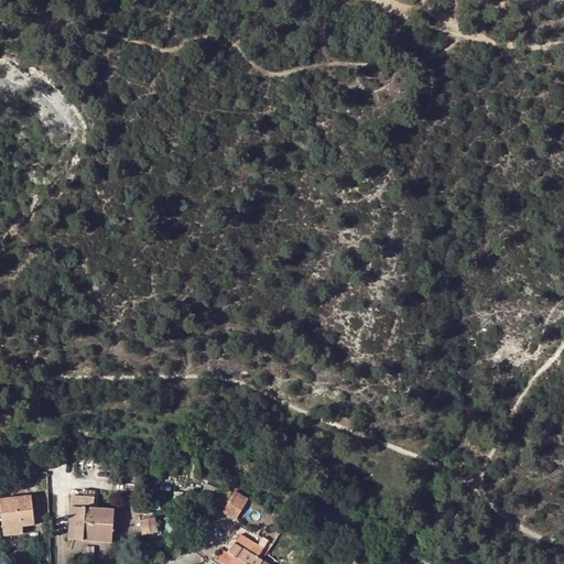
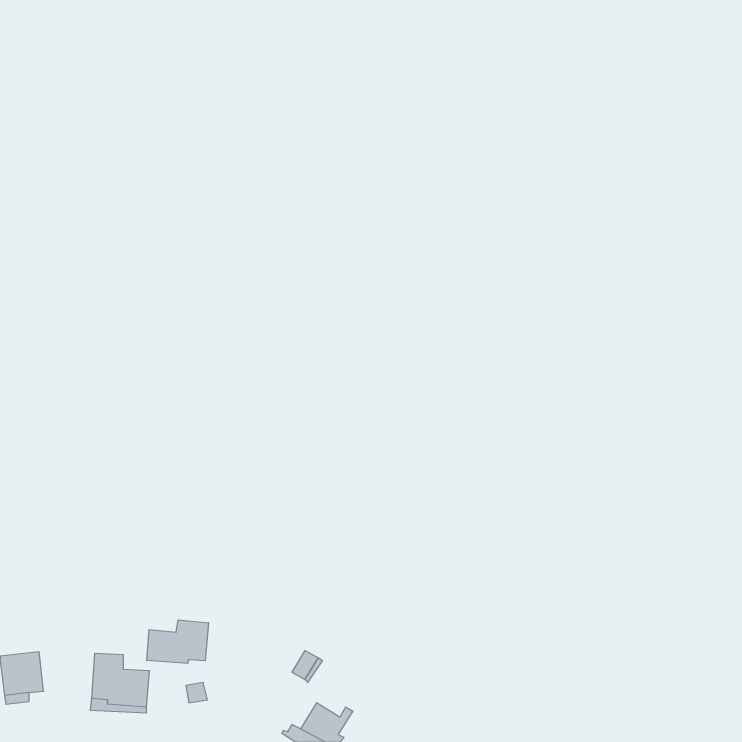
building: none -> [147,620,208,663]

